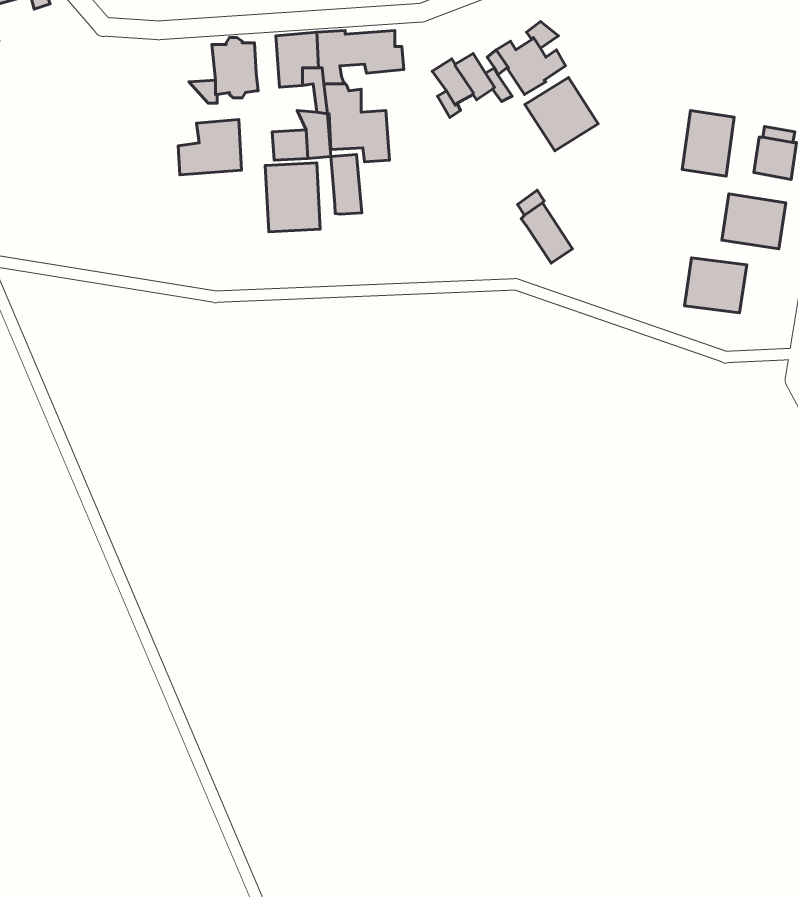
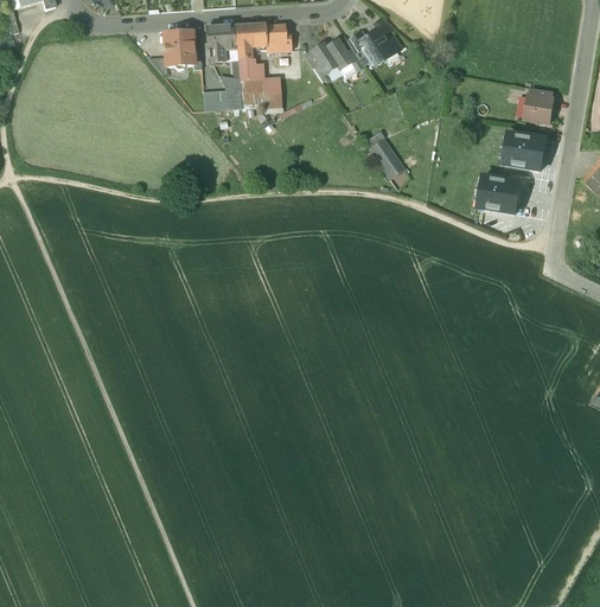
building: [525,77,598,151] -> none
building: [682,111,734,176] -> none
building: [178,119,241,175] -> none
building: [331,154,362,214] -> none
building: [265,163,320,232] -> none

